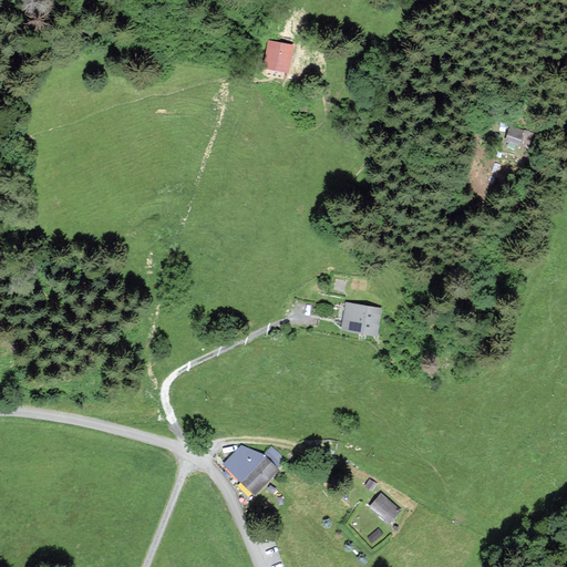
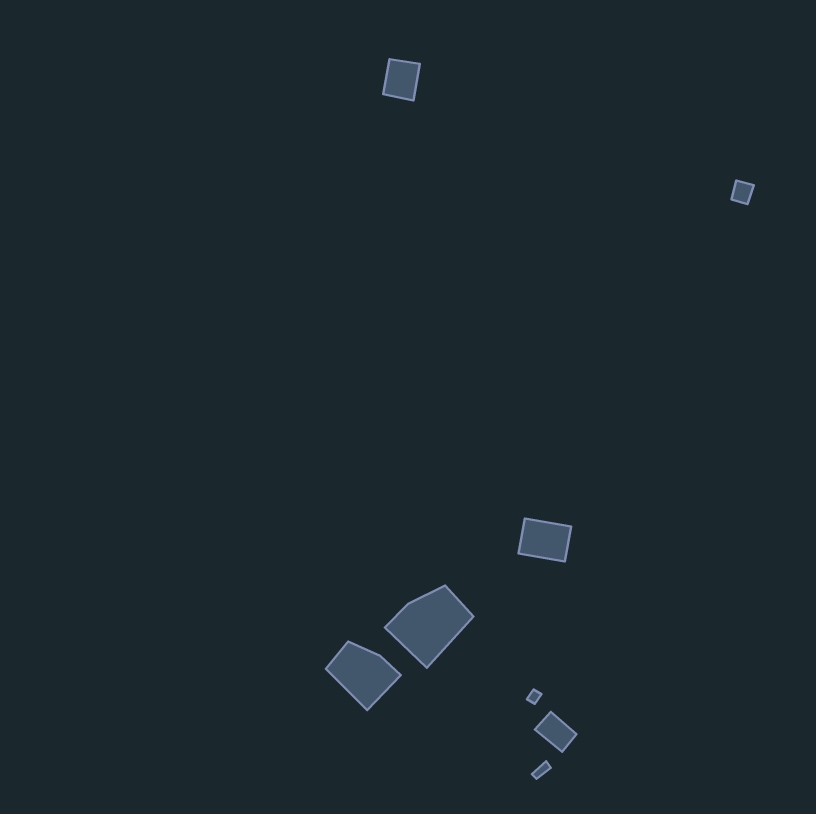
building: [343,302,380,332] -> [518,519,571,562]
building: none -> [385,585,473,668]

